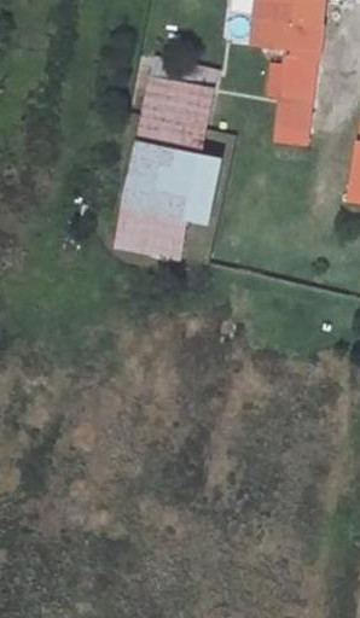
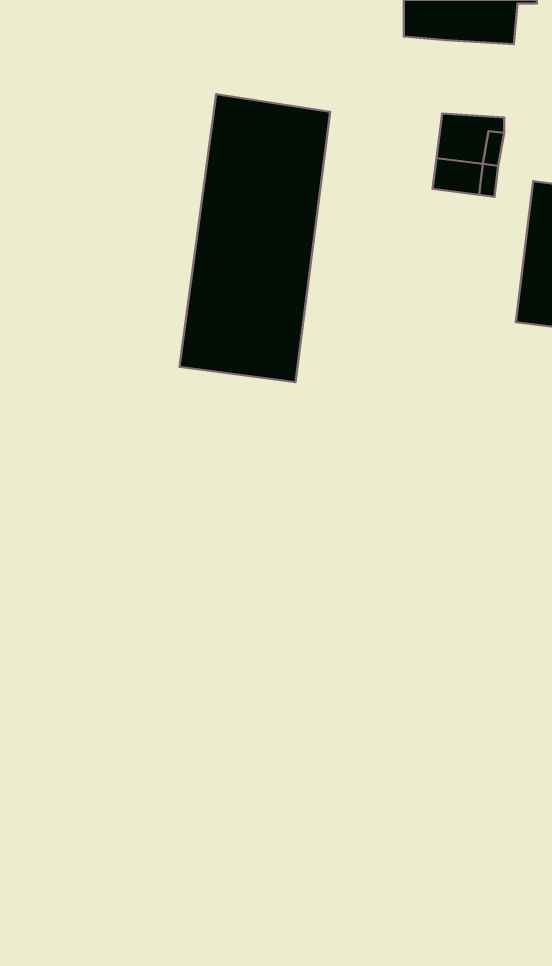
building: [271,37,330,86] -> none

